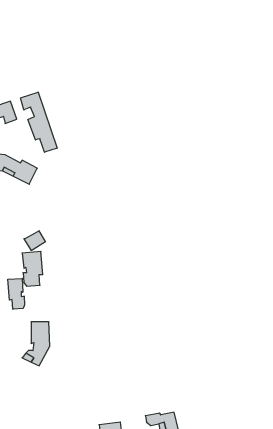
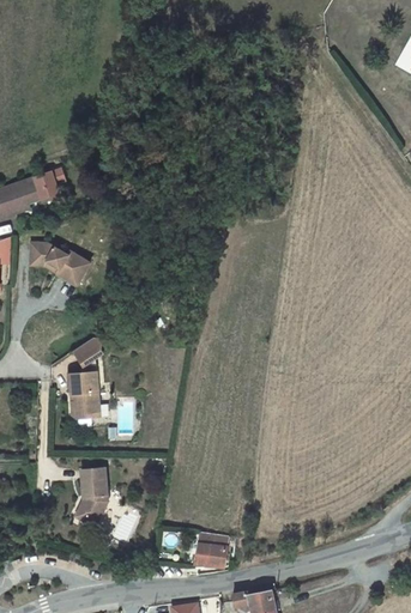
building: [20,92,57,152] -> none
building: [8,278,25,309] -> none
building: none -> [198,529,229,566]

